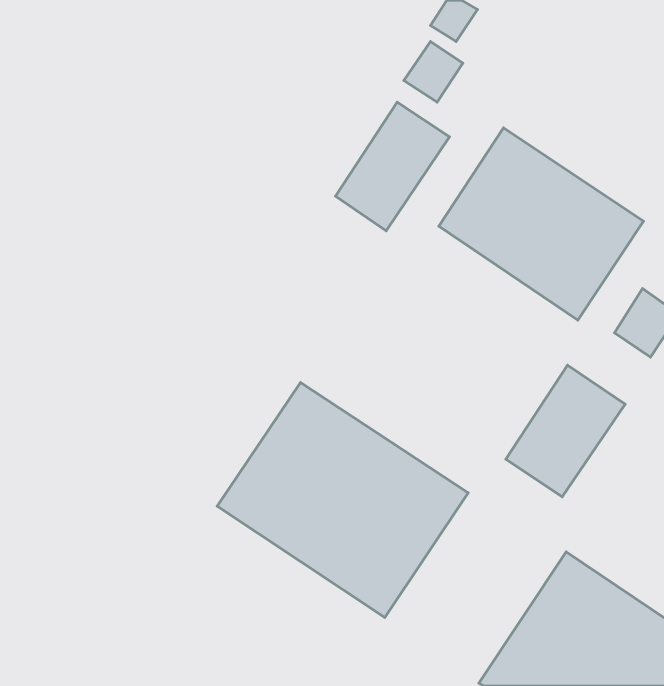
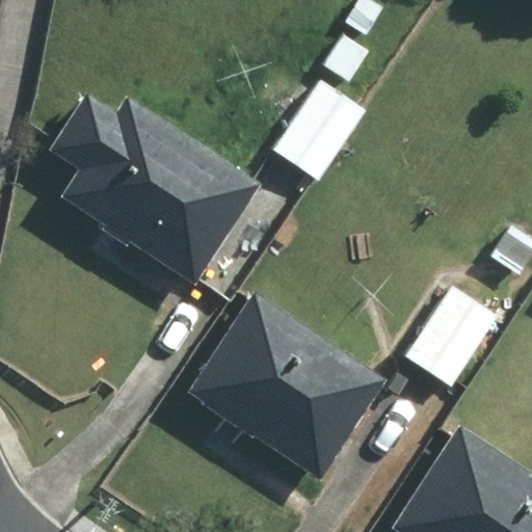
building: none -> [45,96,250,283]
building: [439,128,643,320] -> none

